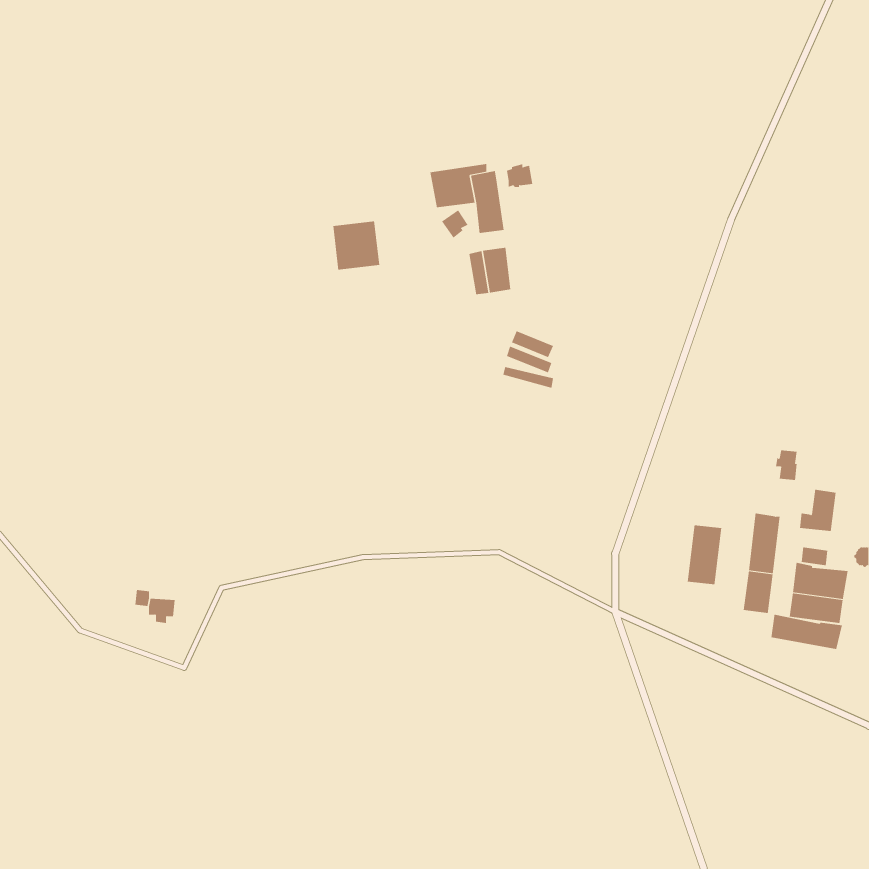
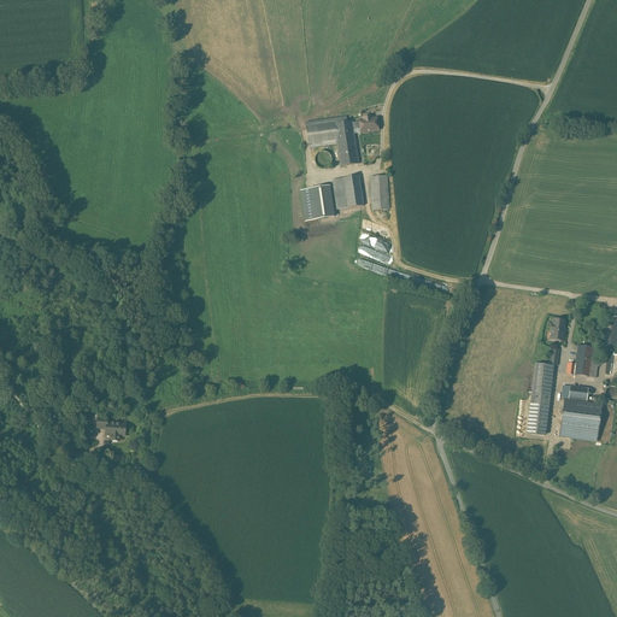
building: [332,221,380,270] -> [299,184,333,219]
building: none -> [369,175,388,210]
building: [687,524,722,585] -> none
building: [771,614,842,650] -> none

